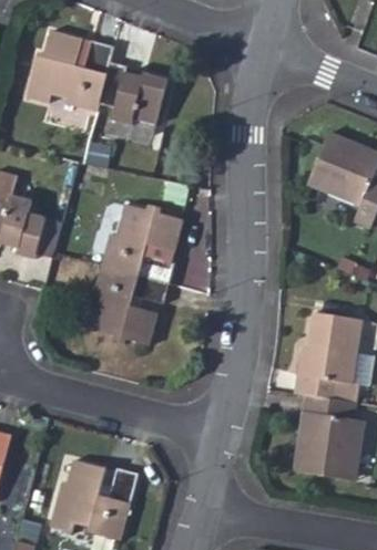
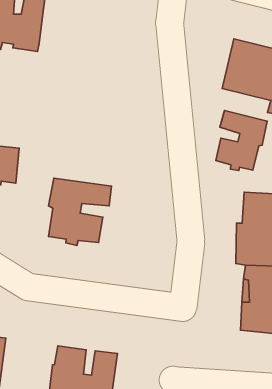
building: [100,68,172,128] -> none
building: [96,207,173,282] -> none
building: none -> [216,111,267,170]

